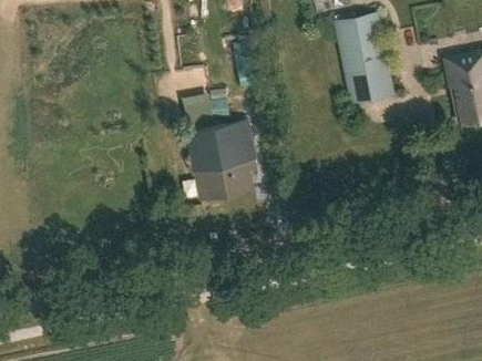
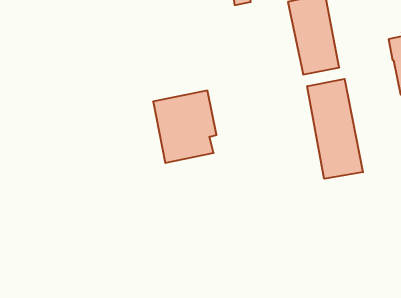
building: none -> [307,79,363,179]

